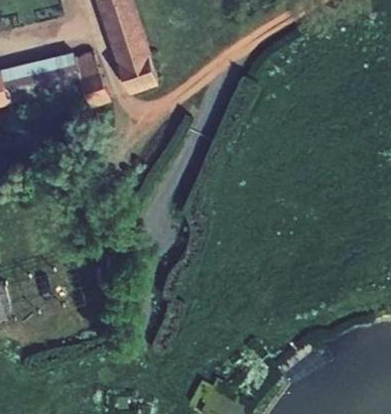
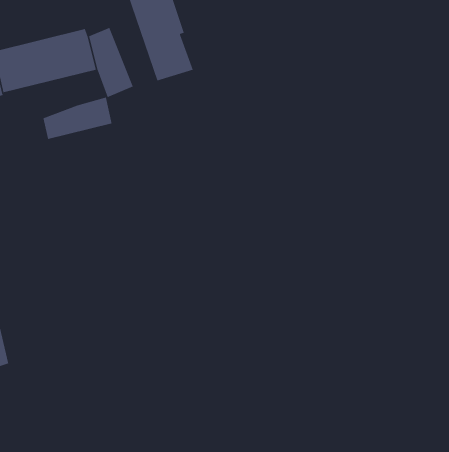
building: none -> [42,97,113,140]

